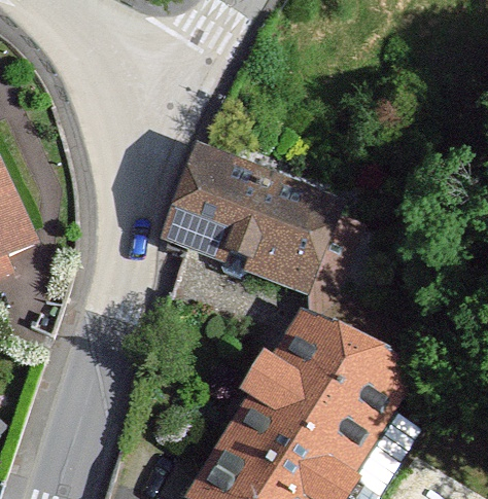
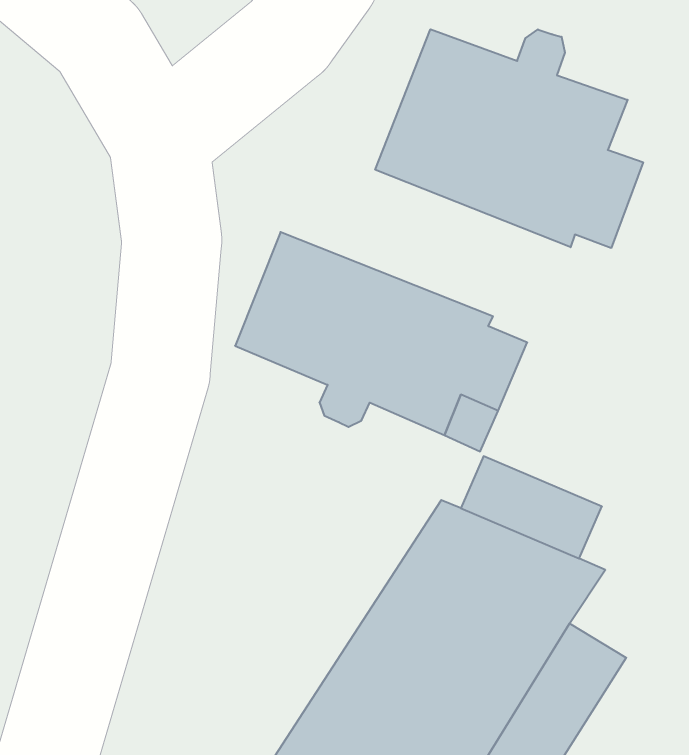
building: none -> [375,29,643,248]

